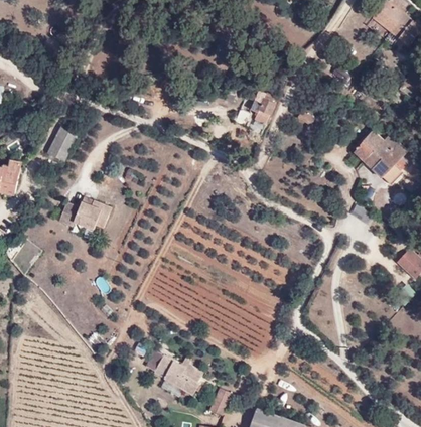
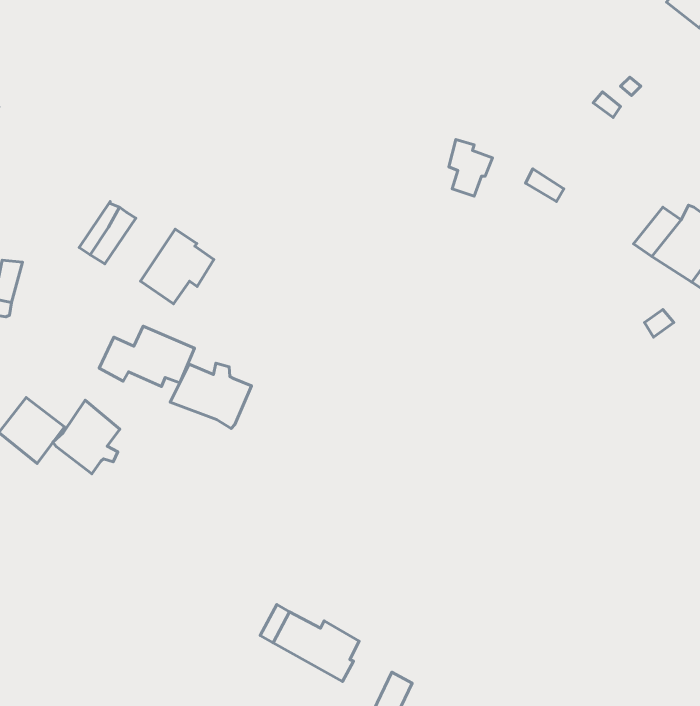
building: none -> [141,229,214,304]
building: none -> [170,363,251,428]
building: none -> [53,400,120,474]

